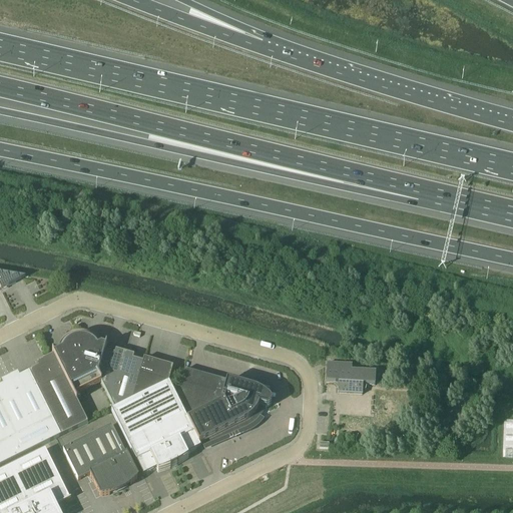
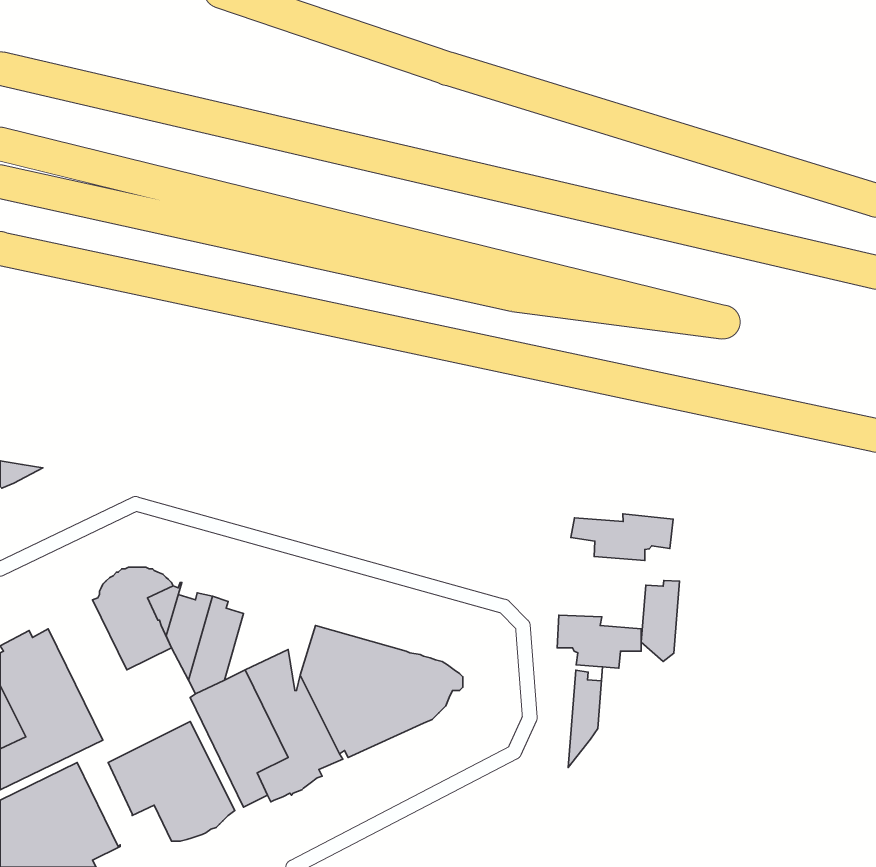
building: none -> [571,514,673,561]
building: none -> [641,580,680,662]
building: [28,349,87,433] -> none
building: [131,355,172,398] -> none
building: none -> [568,667,603,767]

